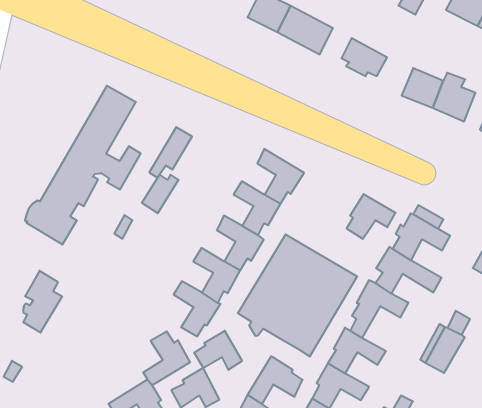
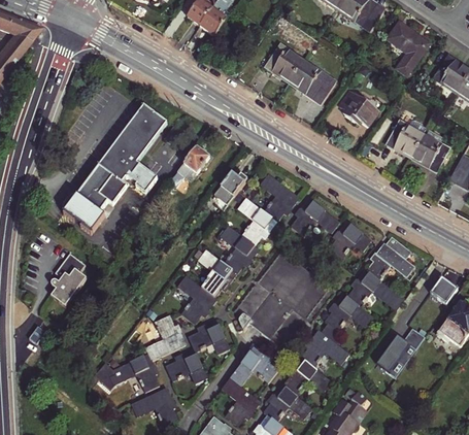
building: none -> [292,198,339,235]
building: [142,175,179,213] -> [214,173,247,205]

